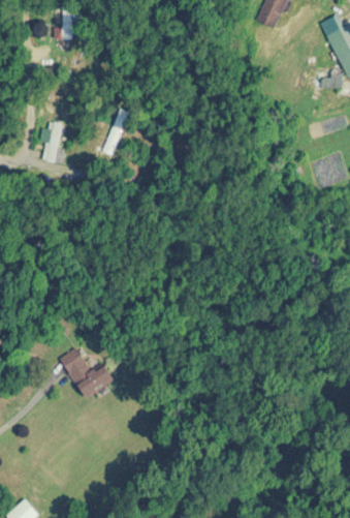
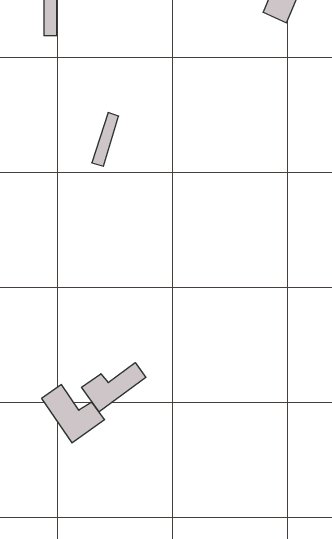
building: [40,123,64,163] -> none
building: none -> [82,363,146,412]

